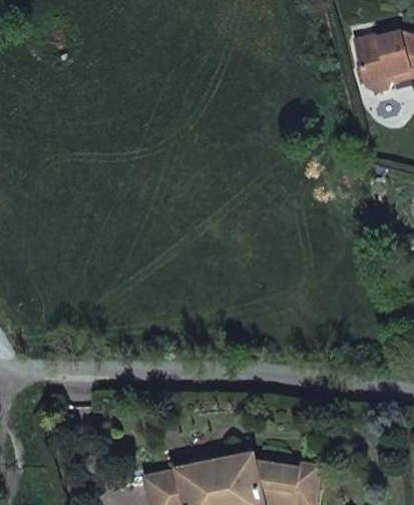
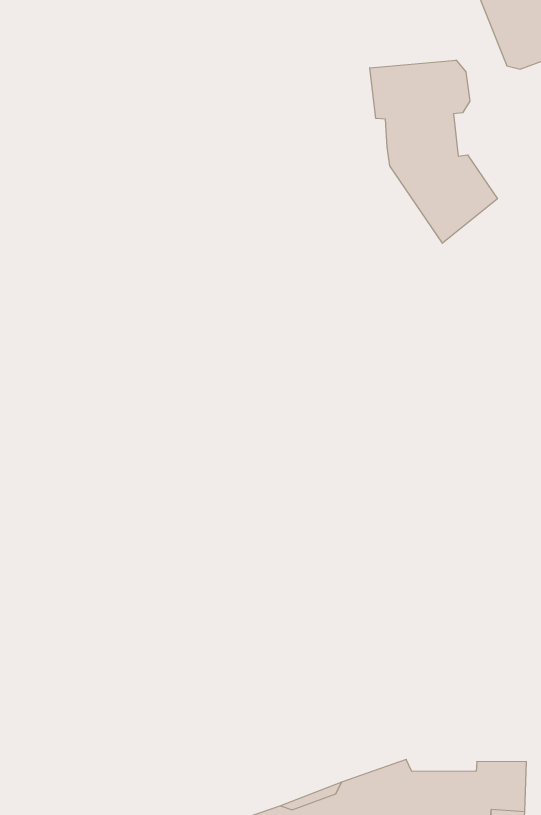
building: none -> [370,60,497,243]

